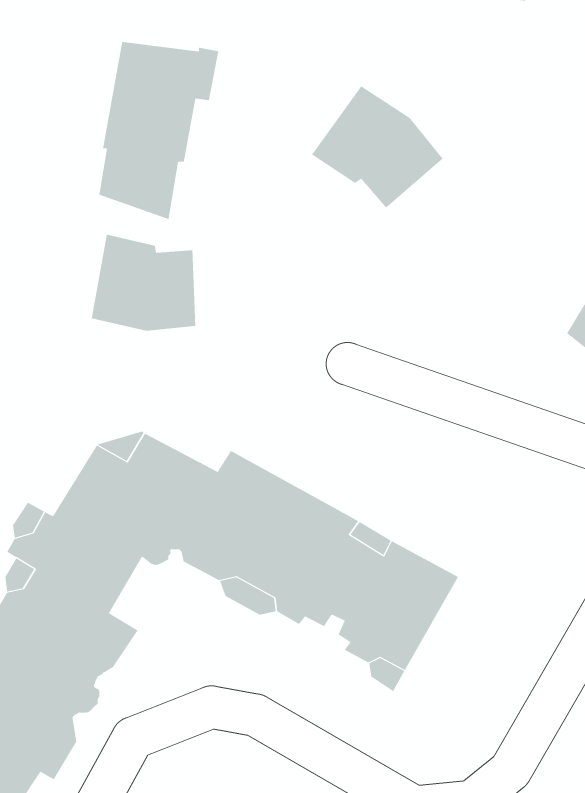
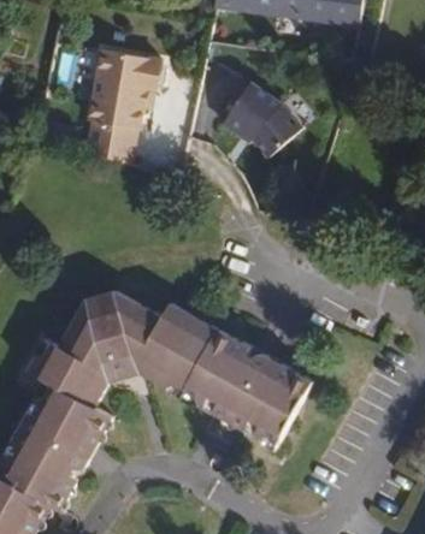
building: [91,234,196,332] -> none

